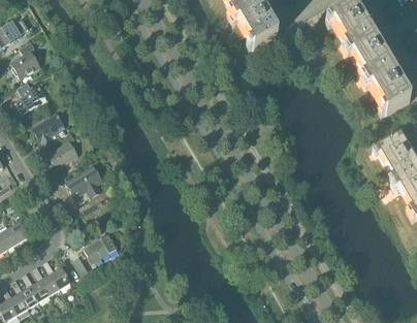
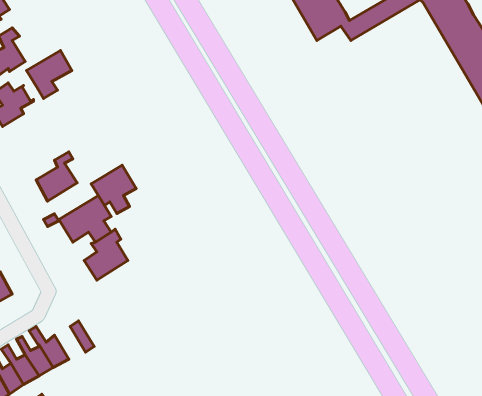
building: [33,111,66,147] -> [27,51,72,99]
building: none -> [91,165,136,214]
building: [86,231,119,260] -> none

